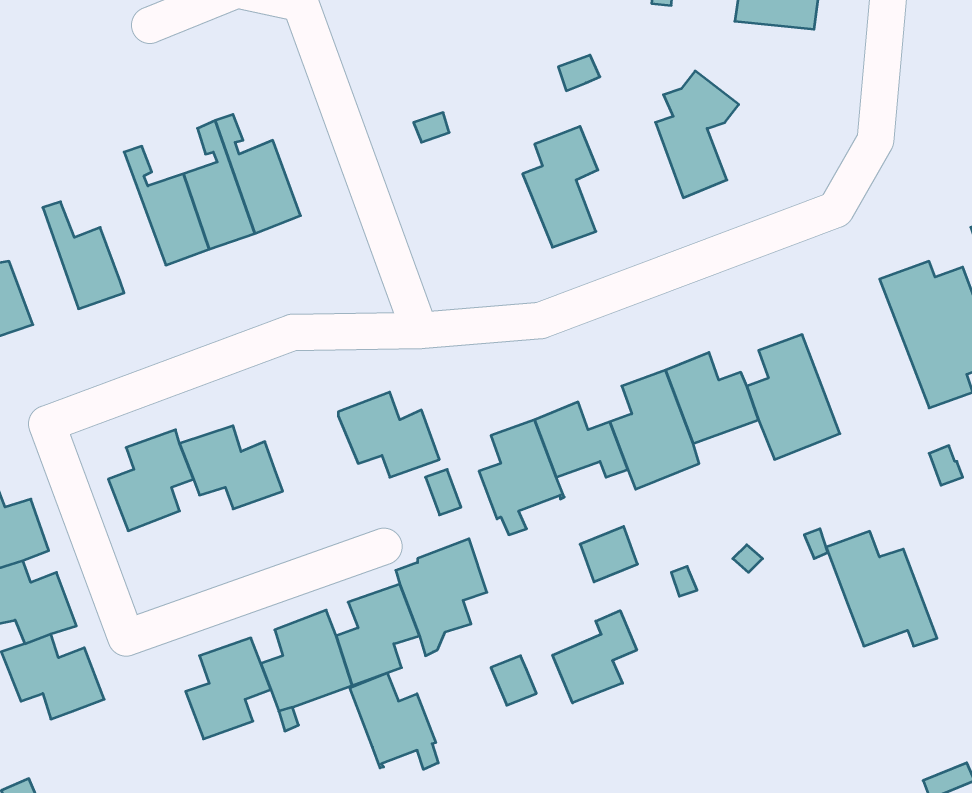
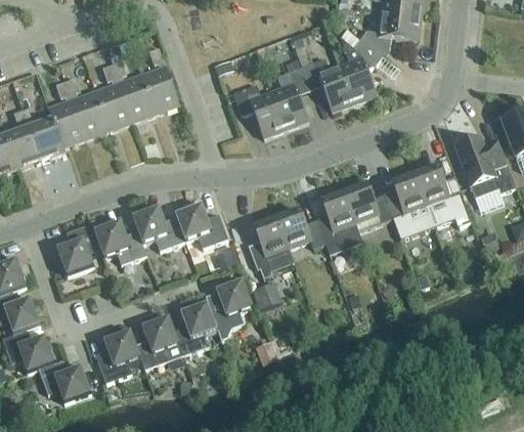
building: none -> [360,12,422,55]
building: none -> [142,47,180,113]
building: none -> [301,57,354,112]
building: none -> [49,80,87,146]
building: none -> [233,84,287,137]
building: none -> [6,109,42,169]
building: none -> [133,207,186,250]
building: [580,526,638,582] -> [253,280,282,309]
building: [826,531,937,646] -> [416,166,473,225]
building: [553,611,637,703] -> none
building: [350,673,438,769] -> none
building: none -> [39,359,91,402]

